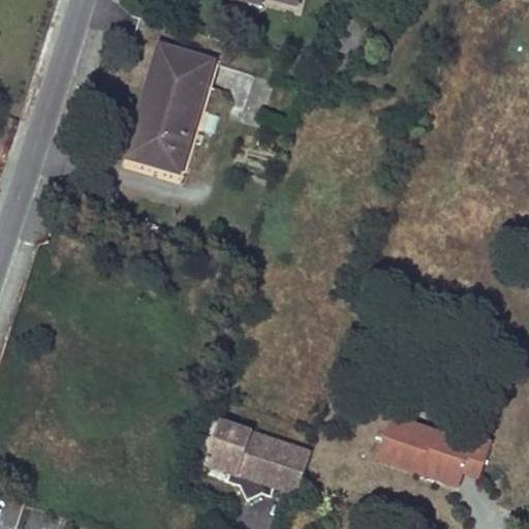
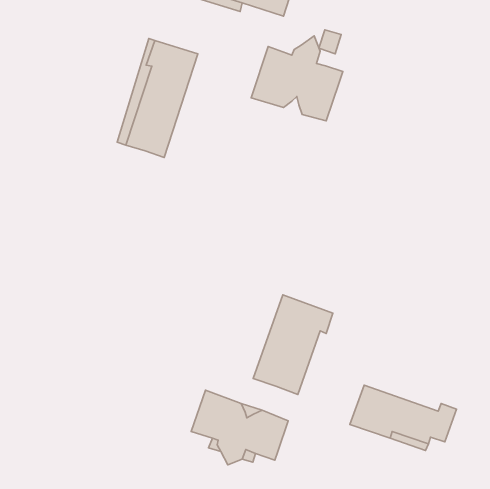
building: none -> [251,36,343,121]
building: none -> [253,295,333,394]

